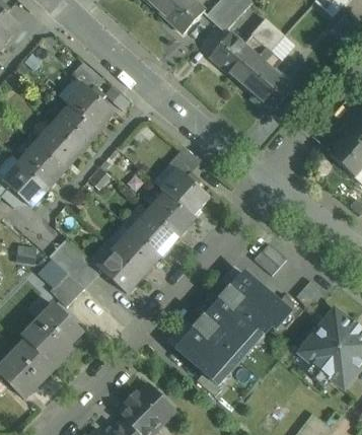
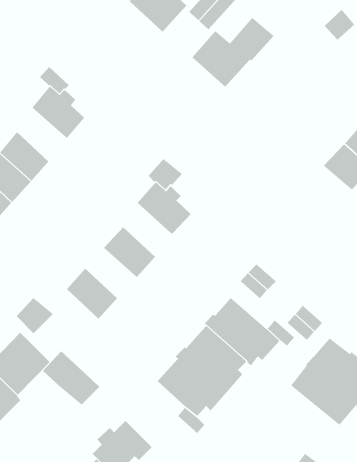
building: [239,59,292,111] -> none
building: [51,101,97,150] -> none
building: [147,188,193,236] -> none
building: [113,228,159,274] -> none
building: [49,238,101,288] -> [42,351,101,405]

